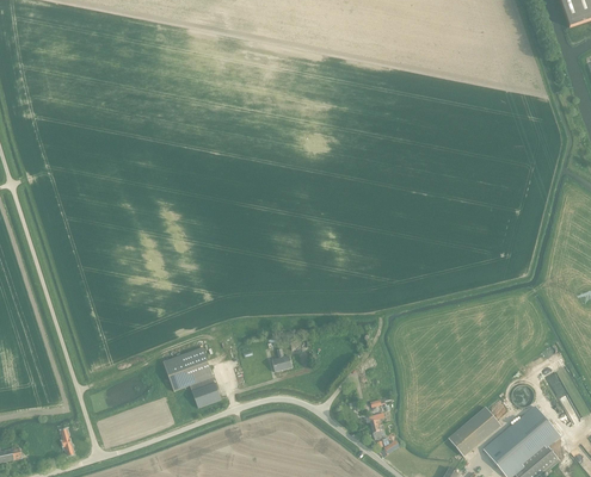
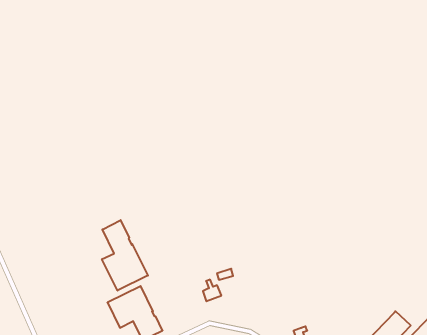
building: none -> [102,220,148,291]

